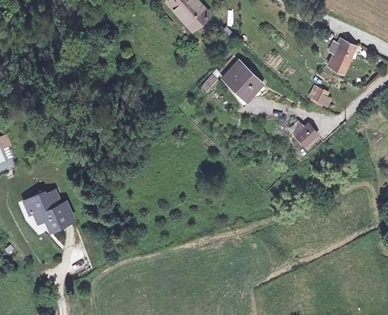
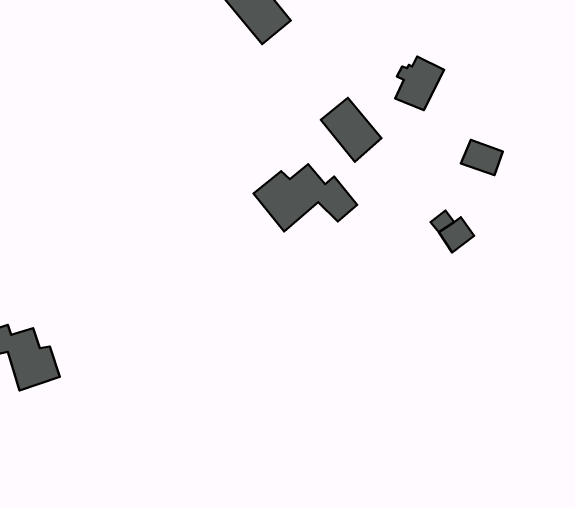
building: [327,40,356,72] -> [395,56,444,110]
building: none -> [253,164,357,231]

